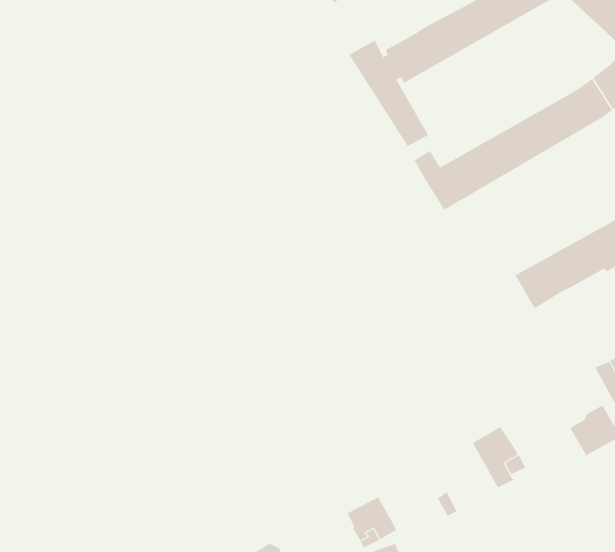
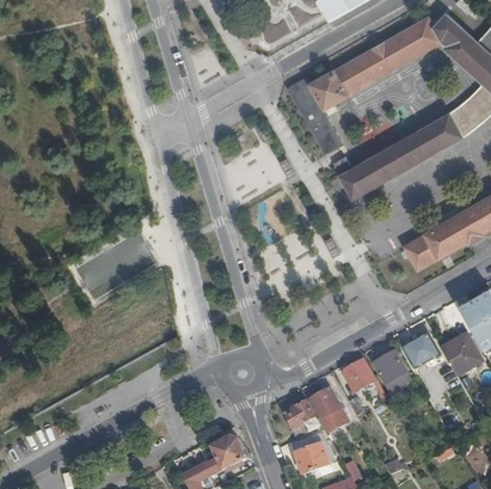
building: none -> [404,335,438,369]
building: none -> [342,362,385,401]
building: none -> [308,390,339,421]

